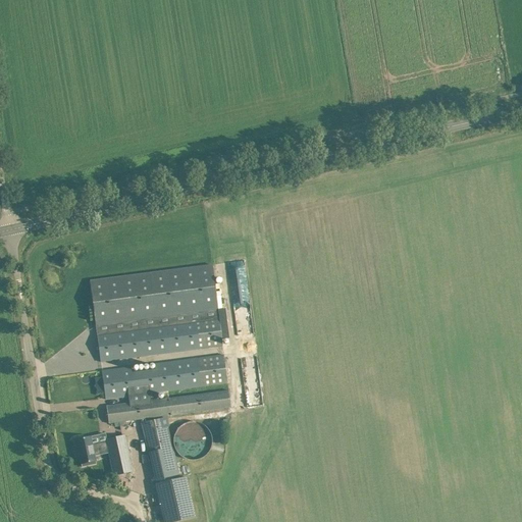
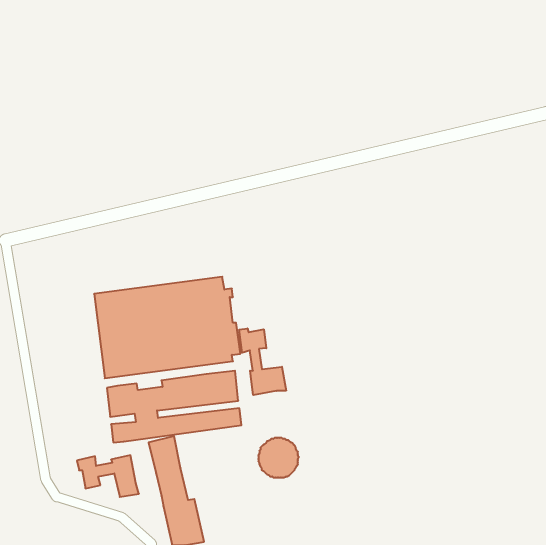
building: none -> [239,328,286,395]
building: [173,421,212,459] -> [258,438,299,477]

